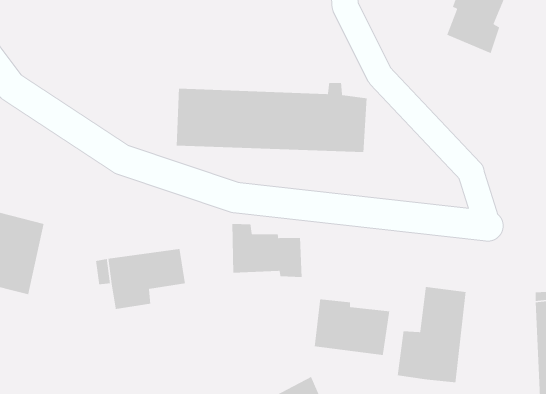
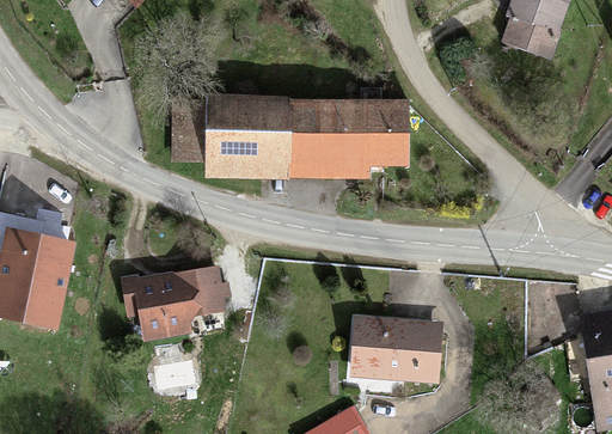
building: [232,223,302,278] -> none
building: [397,286,466,383] -> none

